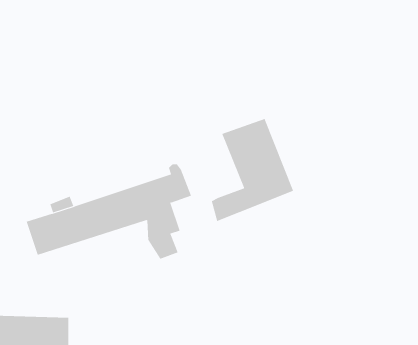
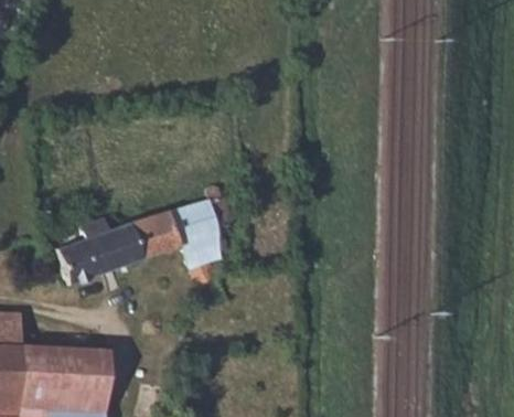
building: [211,118,294,222] -> none

